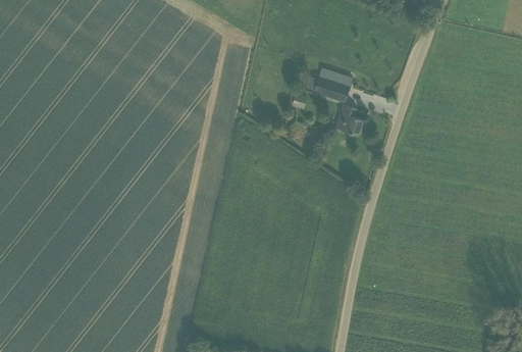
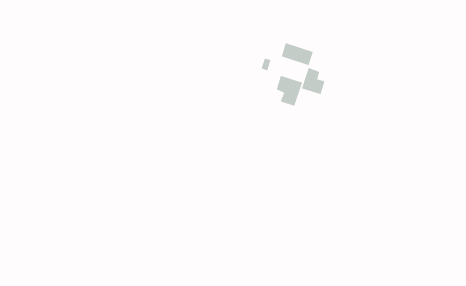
building: none -> [276,75,303,107]

